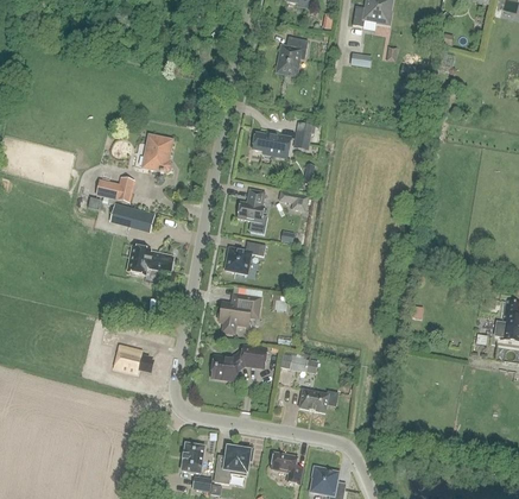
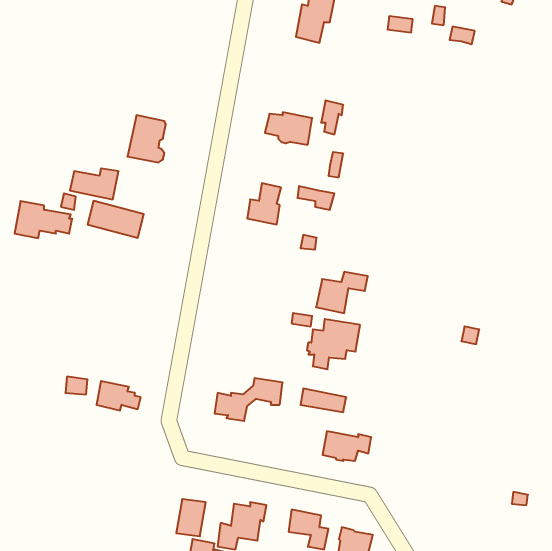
building: [224,241,266,274] -> [316,272,368,313]
building: [127,244,173,273] -> [15,201,72,238]
building: [217,293,260,334] -> [307,319,360,369]

